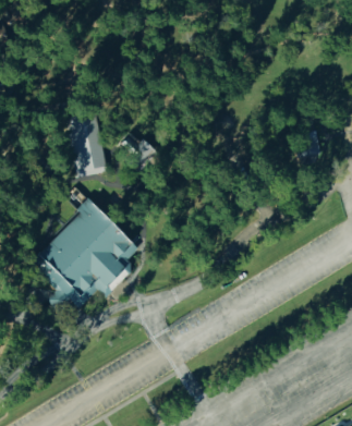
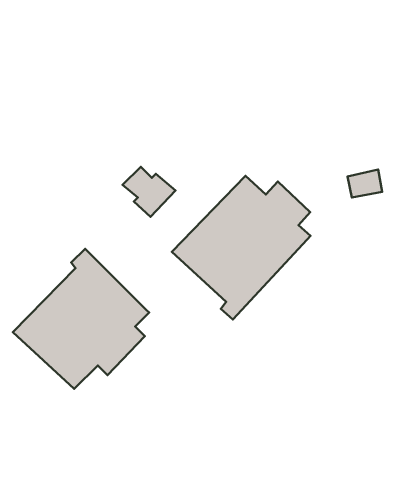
building: [64,109,108,178] -> none
building: none -> [172,176,310,320]

